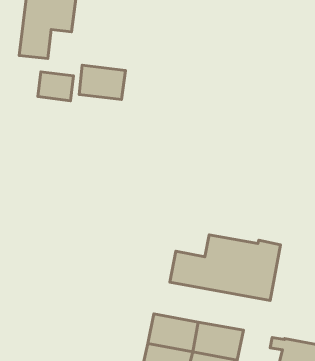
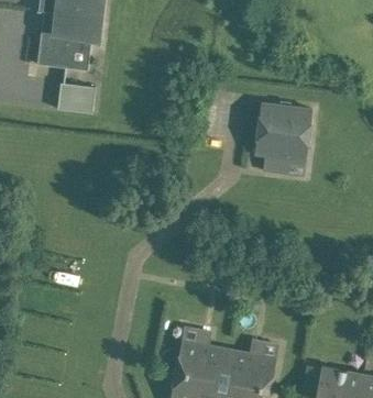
building: [79,65,125,100] -> none
building: none -> [255,103,314,174]
building: [170,235,280,301] -> none

